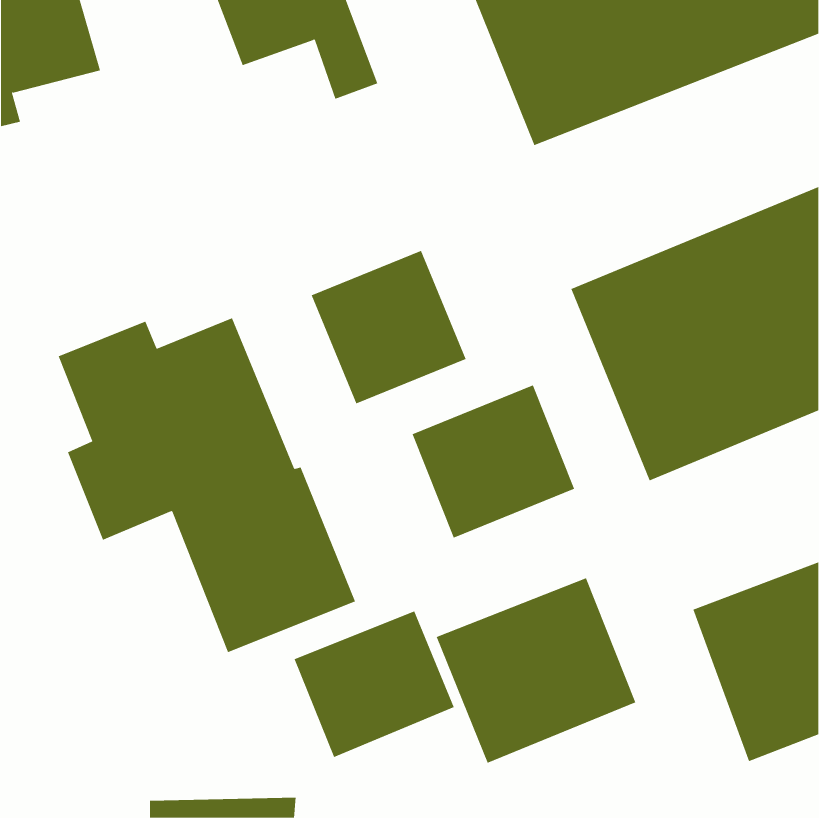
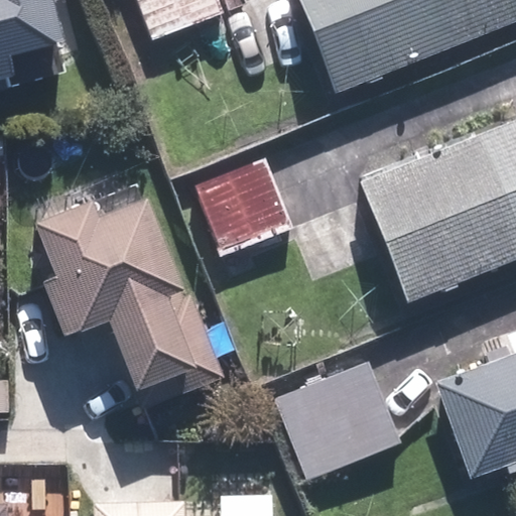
building: [412,385,575,539] -> none
building: [294,611,454,758] -> none

